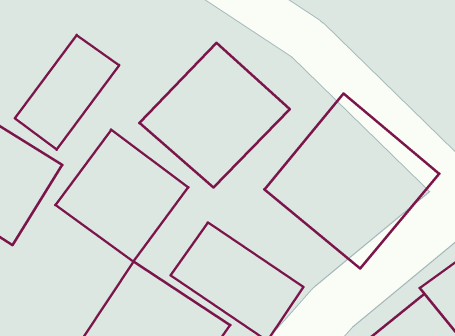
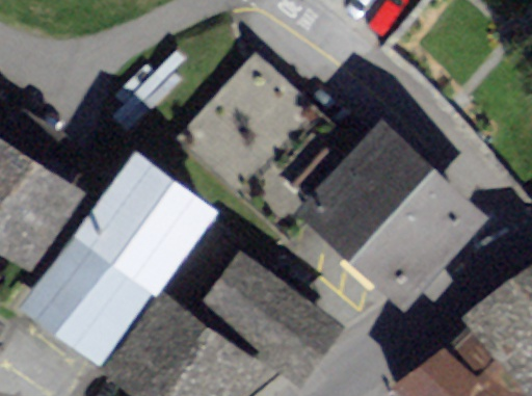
building: [15,35,119,150] -> none
building: none -> [25,239,148,362]

